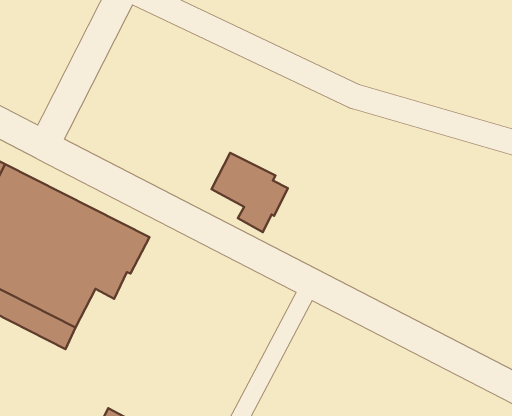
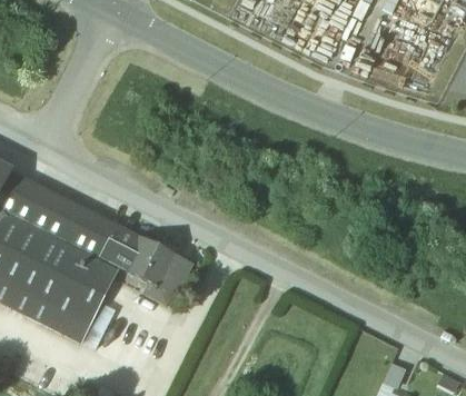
building: [211,153,288,232] -> [120,234,188,304]
building: none -> [62,279,106,341]

